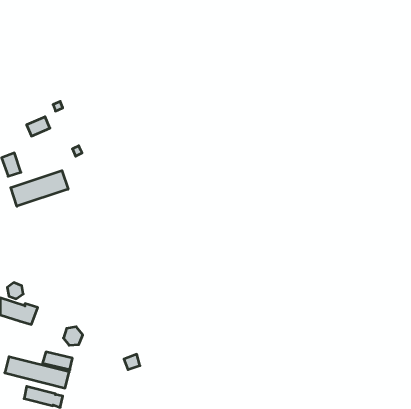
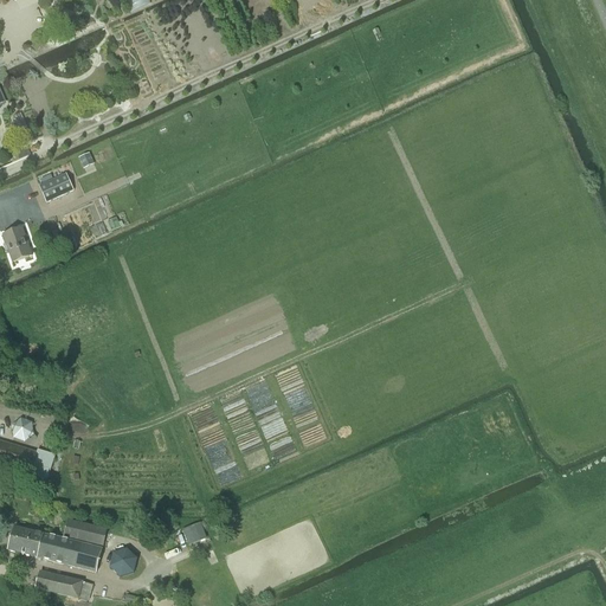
building: [11,171,68,206] -> none
building: [63,327,83,345] -> [107,547,135,574]

